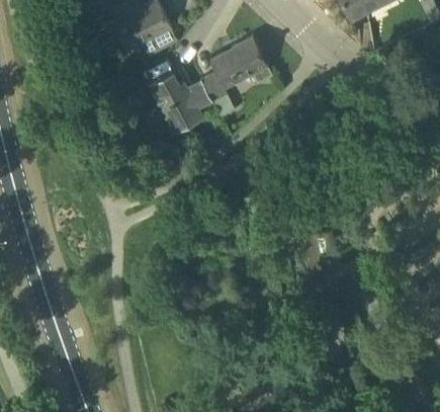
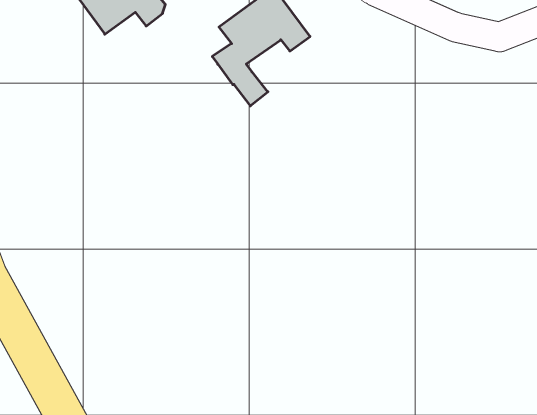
building: [148,70,211,133] -> none

